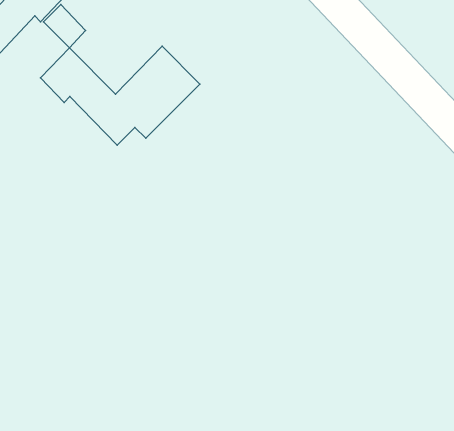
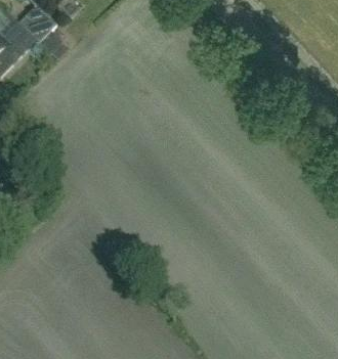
building: [40,46,200,145] -> none

